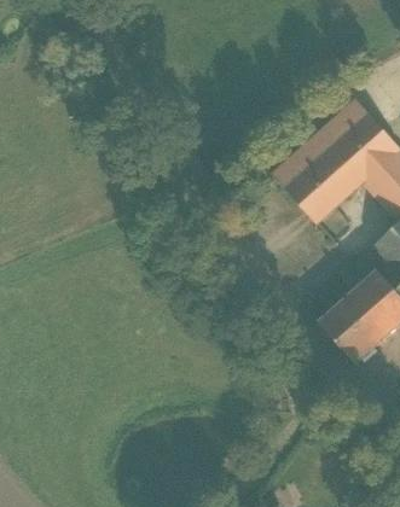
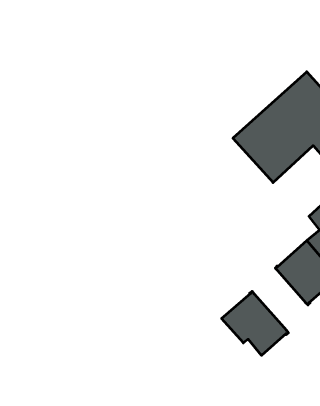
building: none -> [222,291,288,355]

